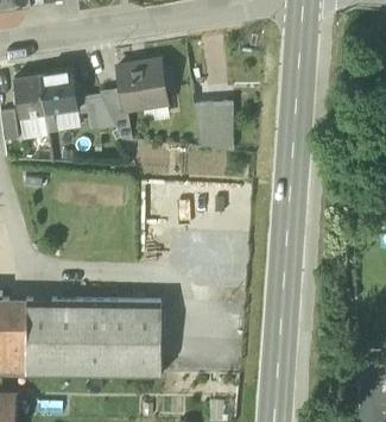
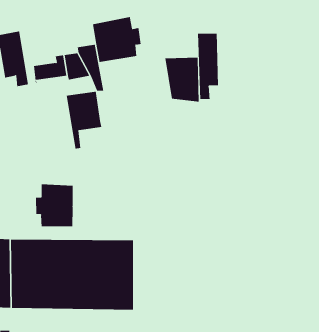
building: [39,69,78,132] -> [66,91,102,149]
building: none -> [198,33,218,100]
building: none -> [36,184,73,227]

